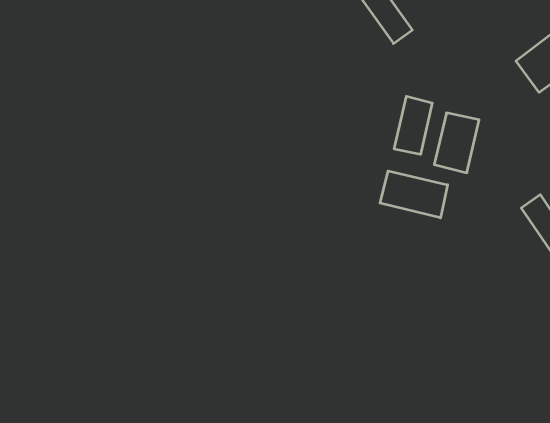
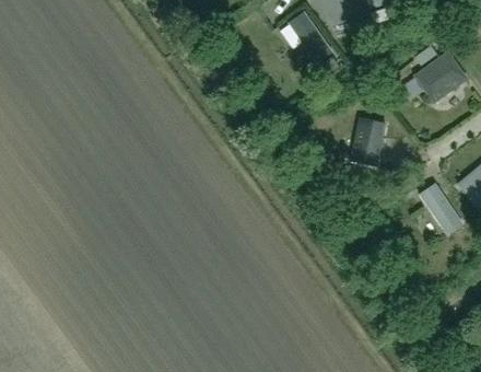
building: [394,96,432,154] -> none
building: [380,171,448,218] -> none

